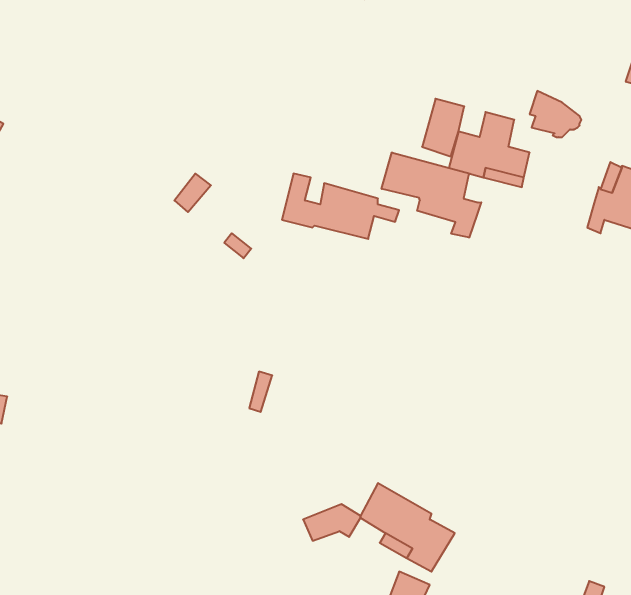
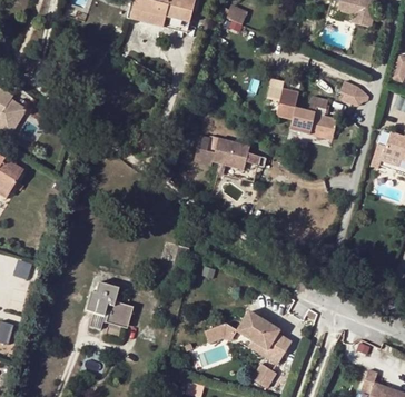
building: [382,152,481,238] -> none
building: none -> [86,282,129,330]

